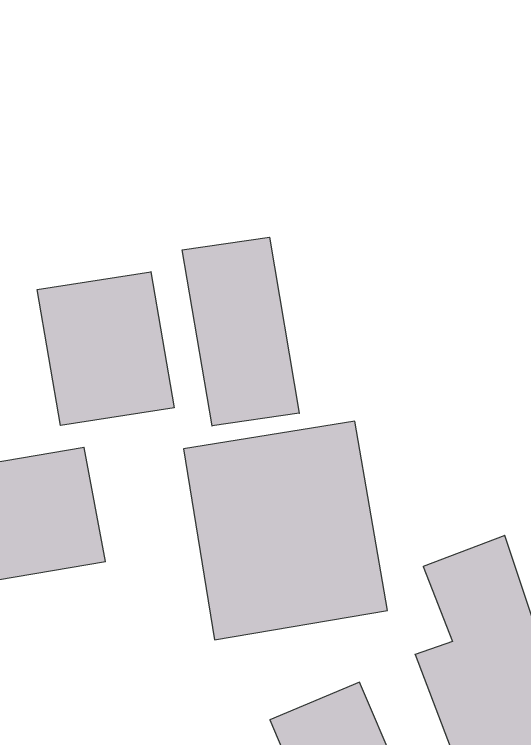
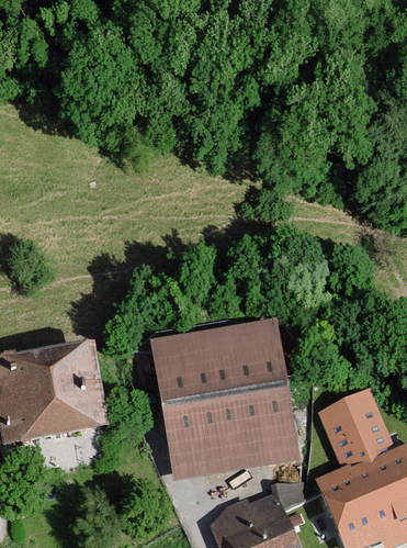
building: [182,237,299,426] -> none
building: [37,272,174,425] -> none

